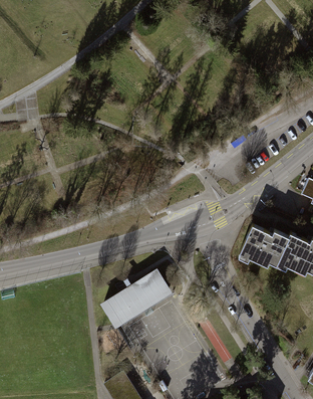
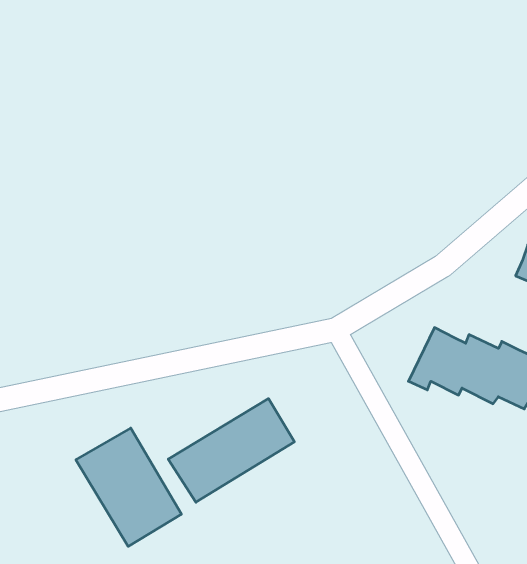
building: none -> [76,428,181,546]

